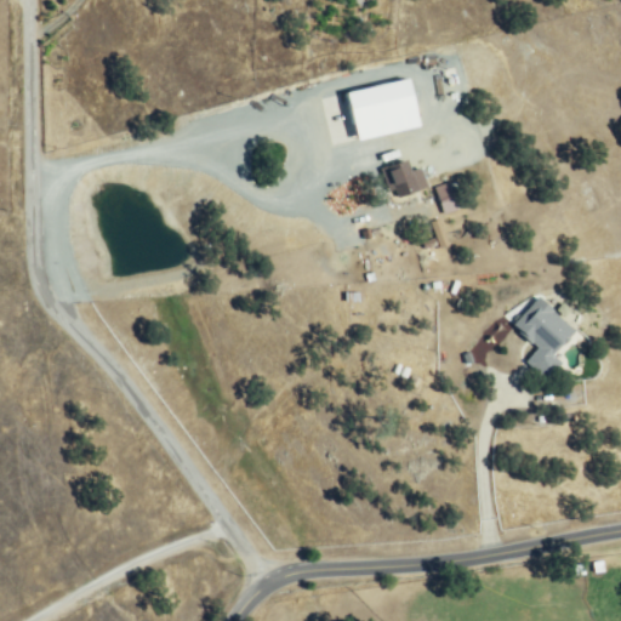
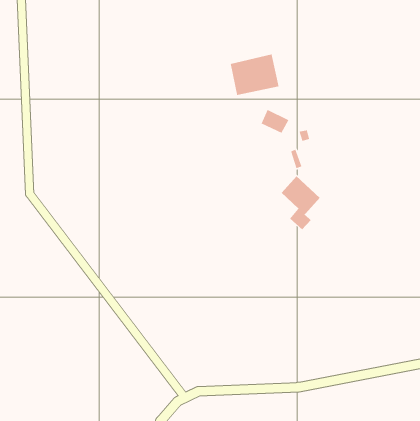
building: [519,298,577,378] -> [281,176,320,230]

